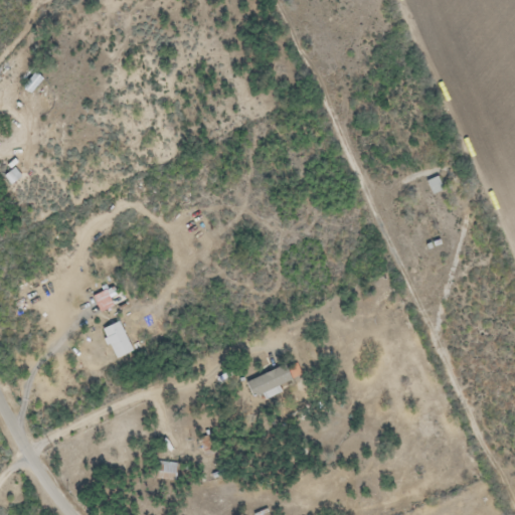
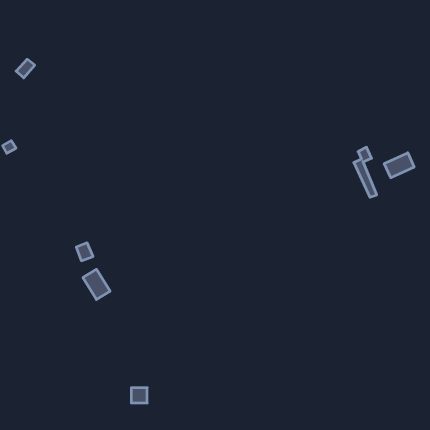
building: none -> [384,153,414,178]
building: [246,364,293,396] -> none

